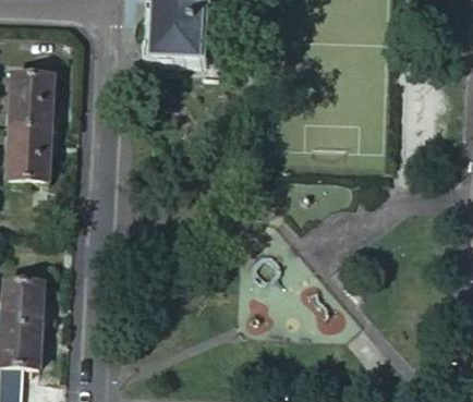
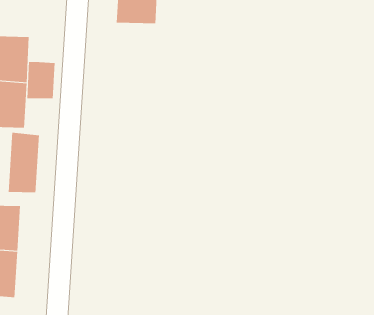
building: none -> [27,61,55,99]
building: none -> [8,132,39,193]

